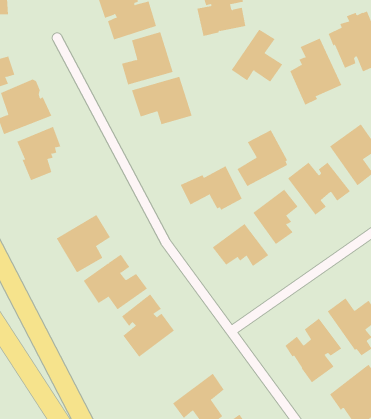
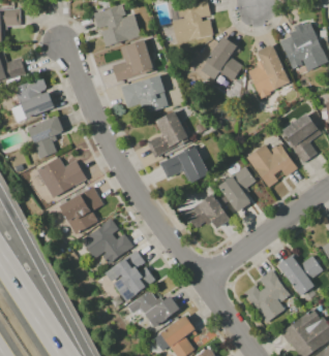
building: [237,129,288,187] -> [146,110,187,157]
building: none -> [32,156,87,198]
building: none -> [127,290,180,326]

